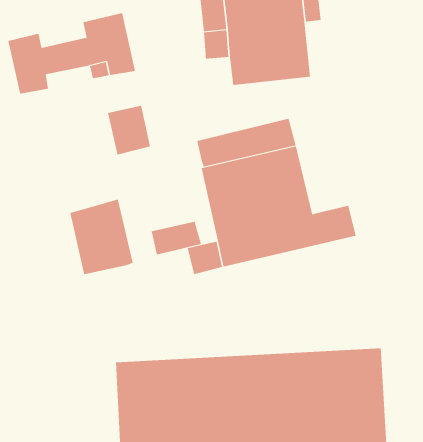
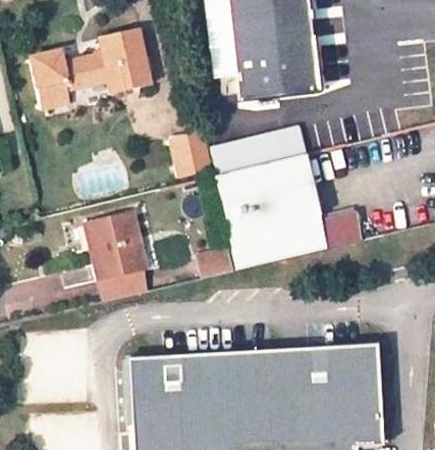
building: [107,105,151,155] -> [167,132,208,179]
building: [151,221,202,255] -> [101,267,149,299]

